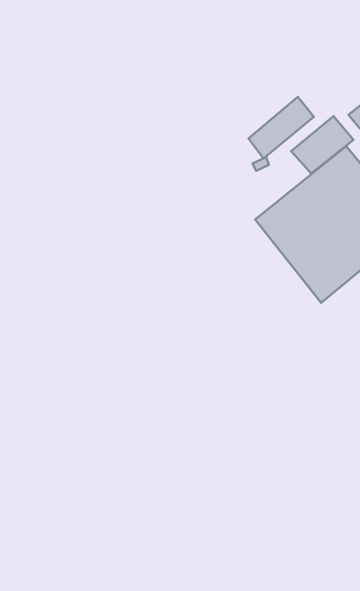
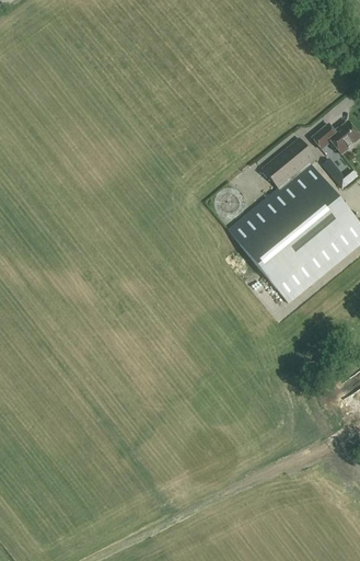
building: [248,97,314,159] -> none

